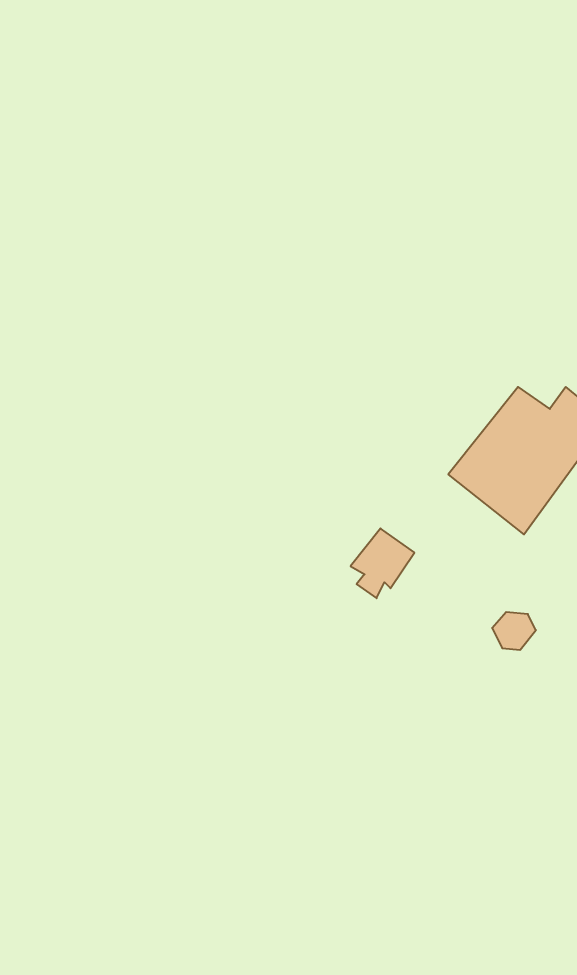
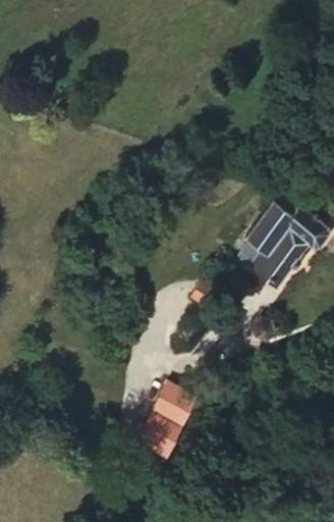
building: none -> [140,388,197,460]

